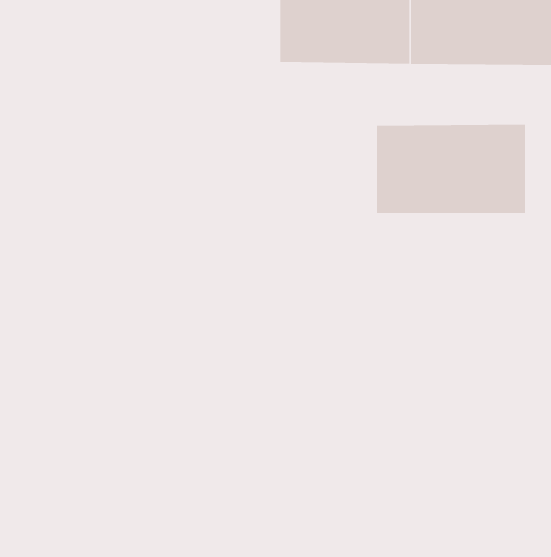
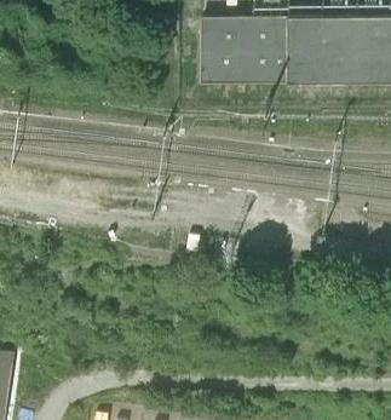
building: [376,124,526,214] -> none

